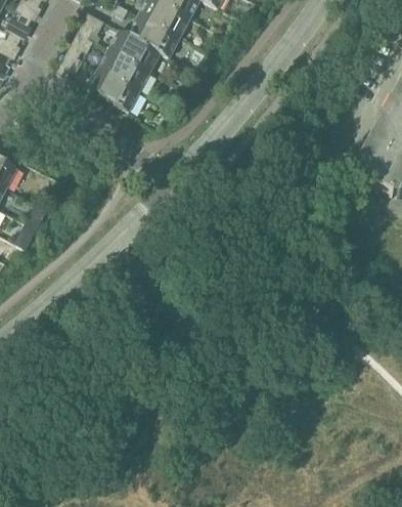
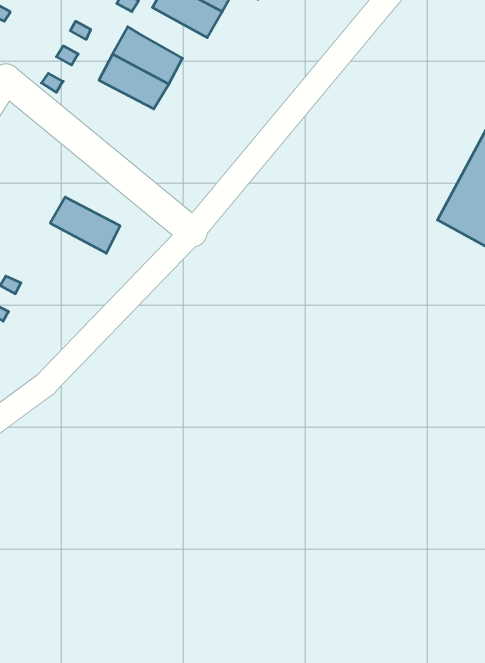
building: [130,11,181,54] -> none
building: [89,66,141,108] -> [50,197,120,253]

